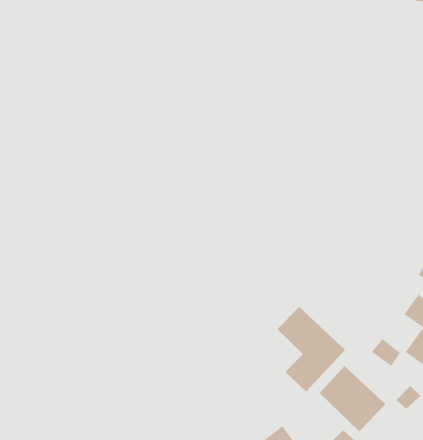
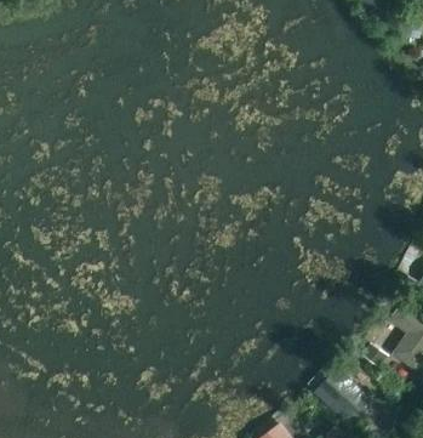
building: [276,306,346,392] -> none

